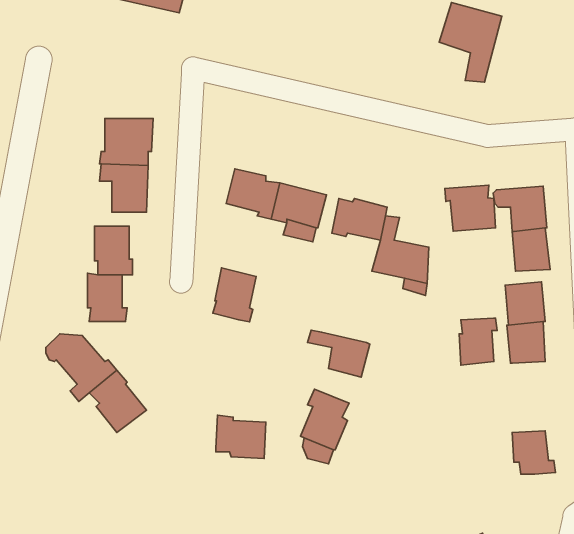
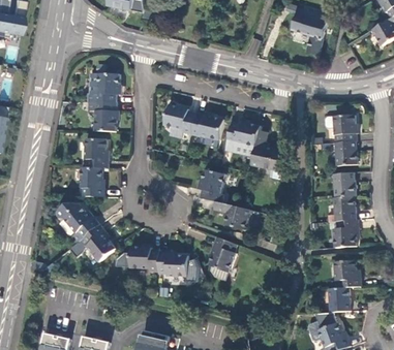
building: [445,185,495,231] -> none
building: [213,268,256,322] -> [199,169,224,201]
building: [459,318,497,365] -> [333,219,356,247]
building: none -> [129,247,158,271]
building: none -> [328,286,350,312]

